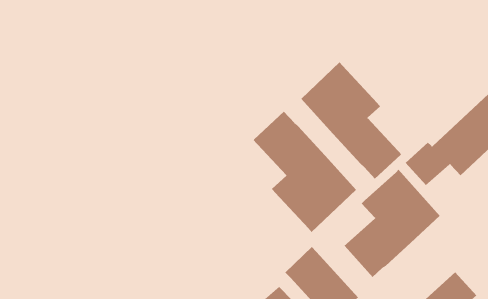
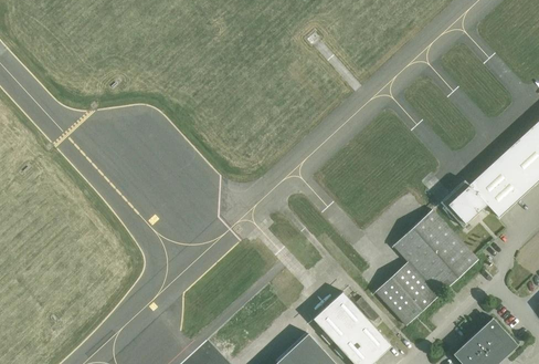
building: [300,61,403,180] -> none
building: [252,111,357,233] -> none

